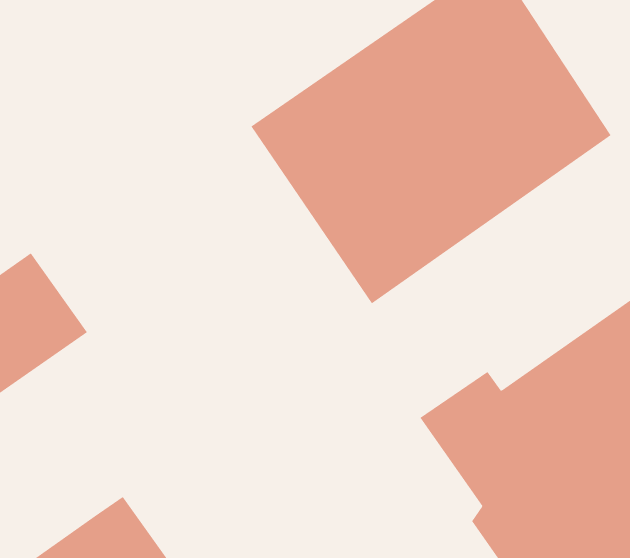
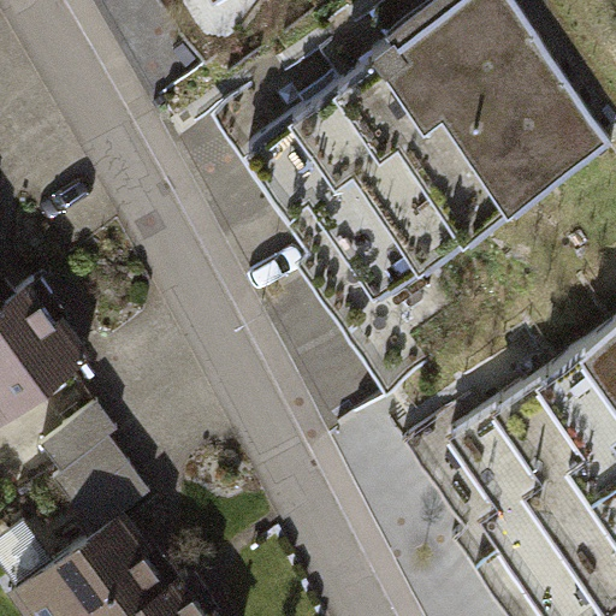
building: none -> [49,395,156,521]

